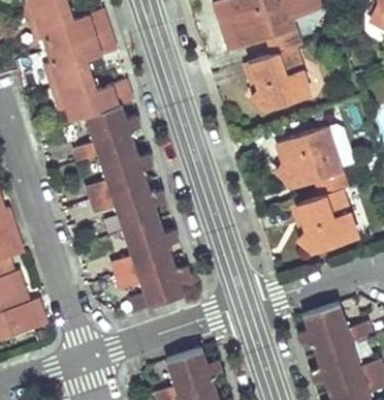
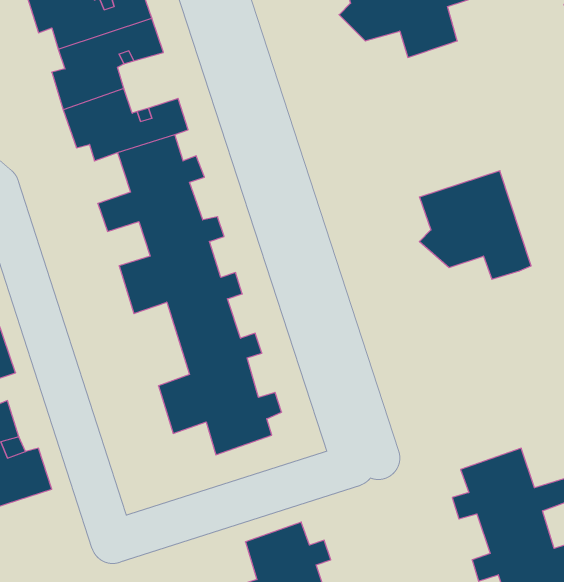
building: [243,48,310,112] -> none
building: [291,190,356,252] -> none

